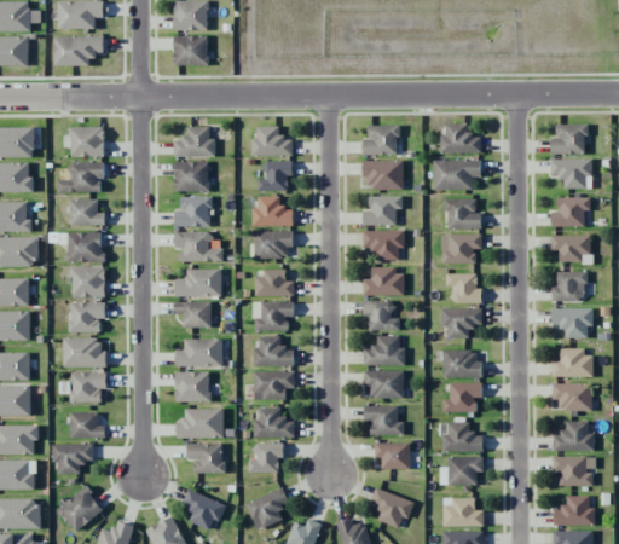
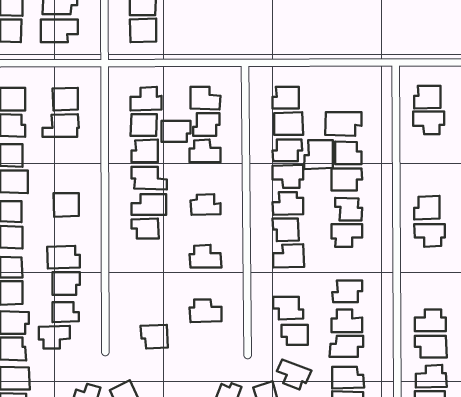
building: [440,123,481,154] -> none
building: none -> [304,140,333,169]
building: [551,197,590,226] -> none
building: [69,199,105,225] -> none
building: [254,231,293,259] -> [161,121,190,142]
building: [66,232,103,262] -> none
building: [551,236,590,262] -> none
building: [253,301,294,331] -> none
building: [70,302,105,332] -> none
building: [175,338,222,368] -> none
building: [553,348,592,377] -> none
building: [436,351,480,378] -> none
building: [364,370,404,399] -> none
building: [254,371,295,400] -> none
building: [175,372,209,403] -> none
building: [553,383,591,411] -> none
building: [177,409,225,439] -> none
building: [248,442,284,473] -> none
building: [57,486,104,532] -> none
building: [245,487,290,531] -> none
building: [181,490,226,531] -> none

